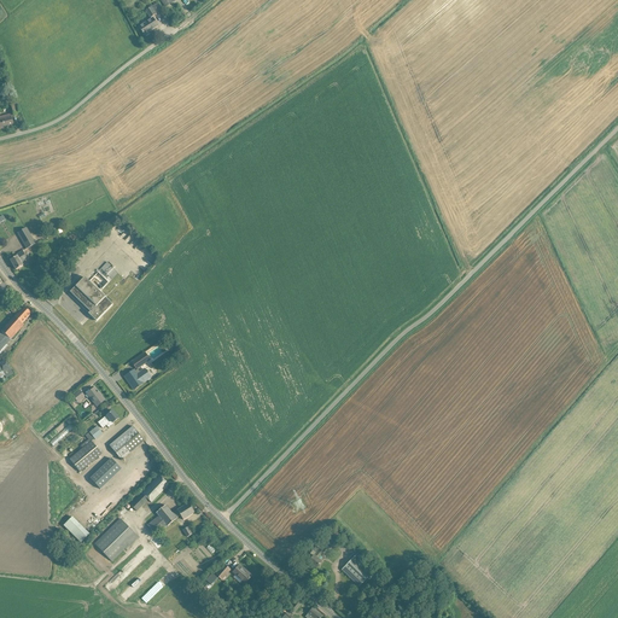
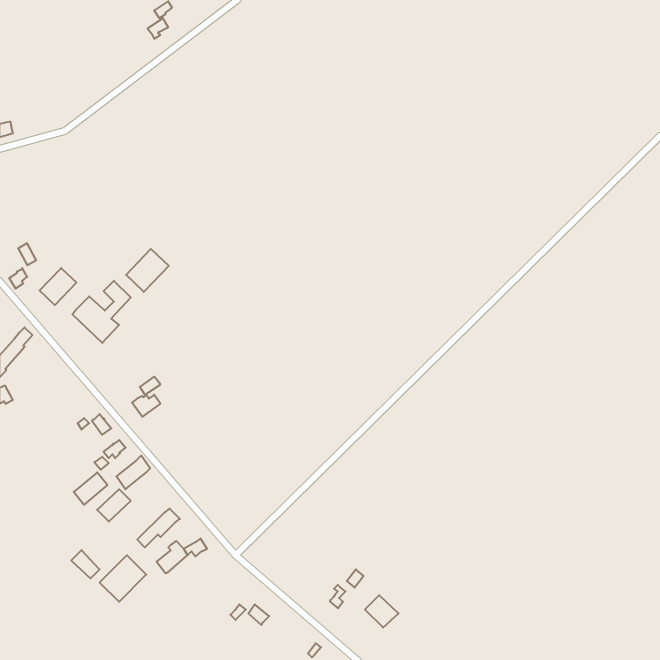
building: none -> [126,249,169,292]
building: none -> [40,268,76,305]

